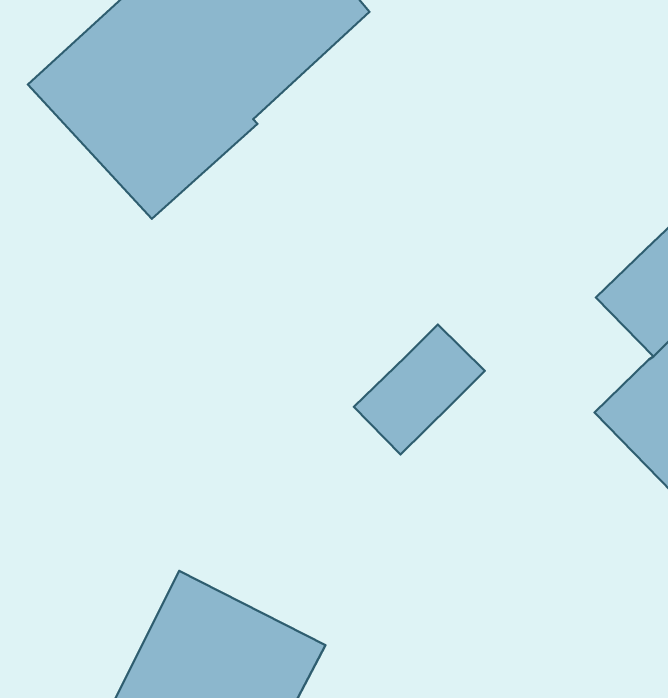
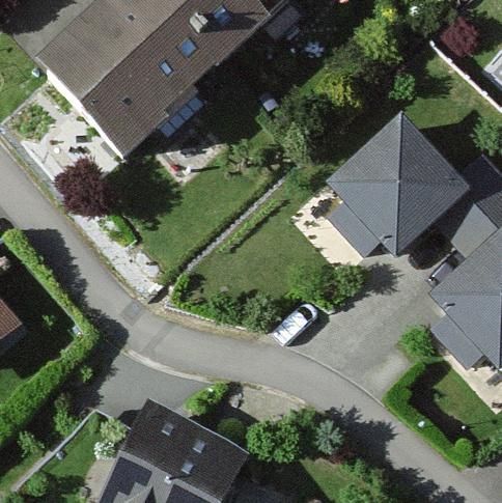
building: none -> [327,115,466,253]
building: [354,325,485,454] -> none

